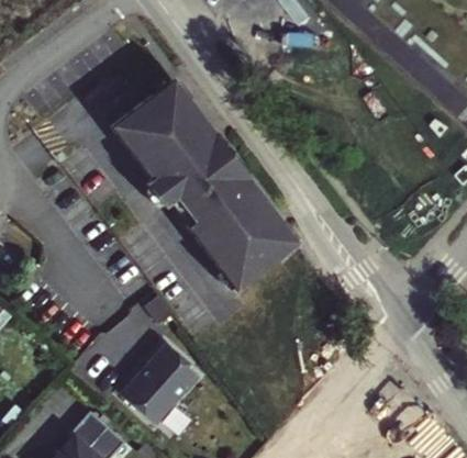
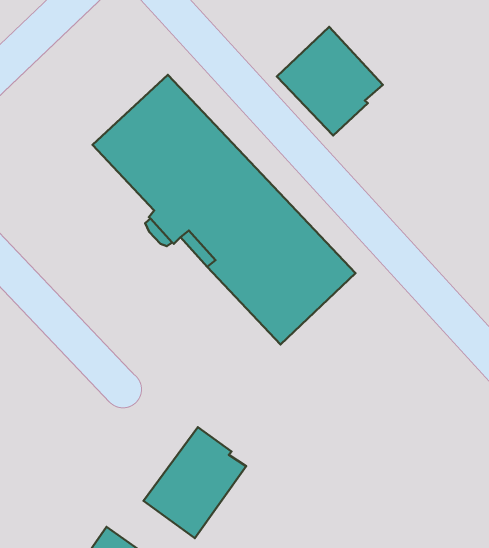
building: none -> [277,27,383,136]

